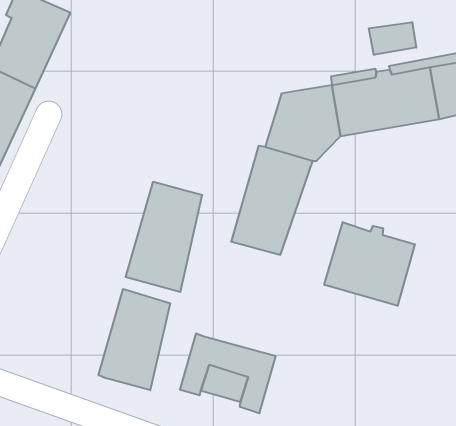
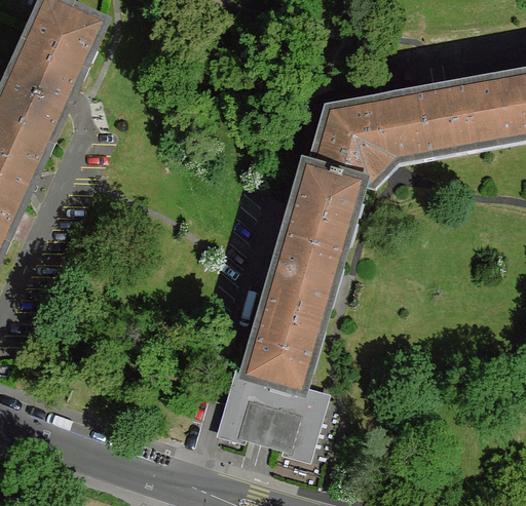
building: [369,22,416,55] -> none
building: [125,182,202,292] -> [245,272,328,391]
building: [324,222,415,306] -> none
building: [99,289,170,390] -> none

